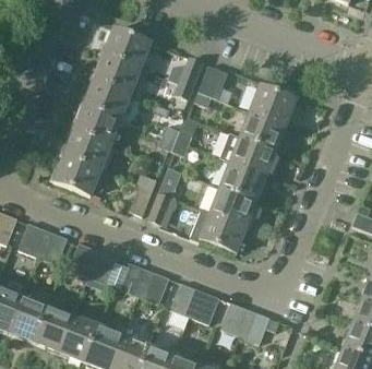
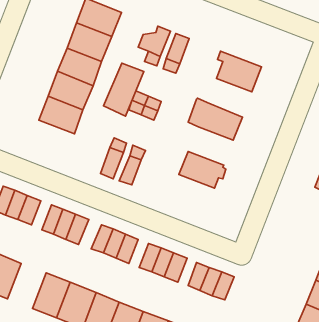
building: none -> [104,63,144,116]
building: [240,111,287,152] -> none
building: [55,155,101,195] -> none
building: [220,162,267,202] -> none
building: [190,209,248,253] -> none
building: [32,305,72,352] -> none

